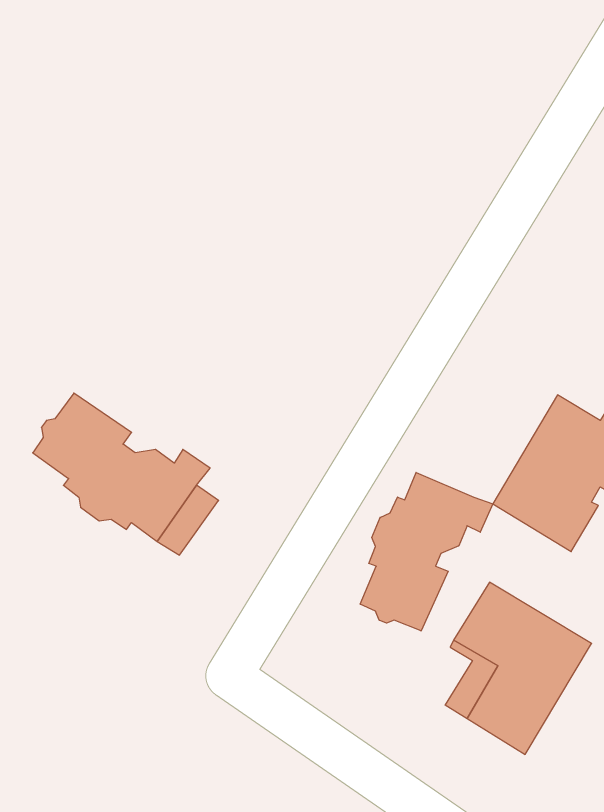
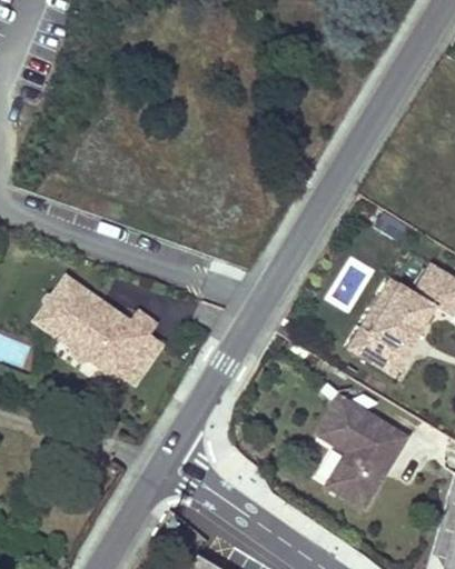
building: [360,472,493,631] -> none

